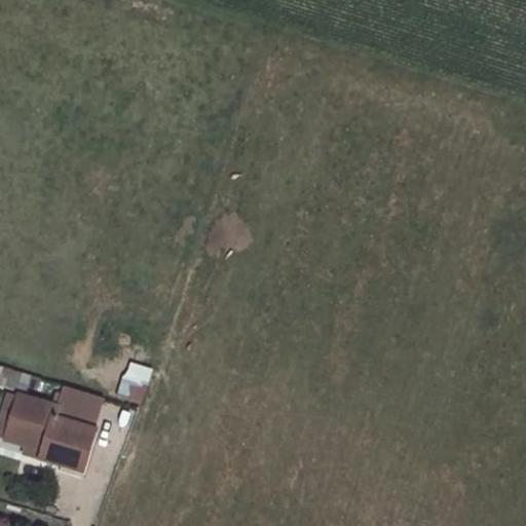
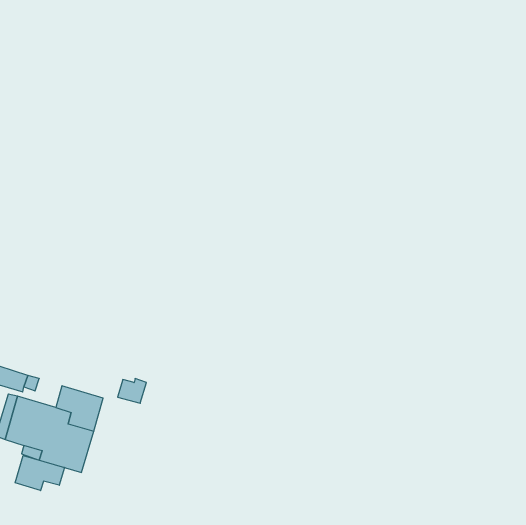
building: none -> [15,456,65,491]

